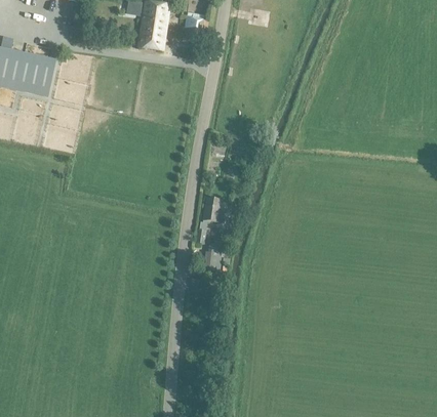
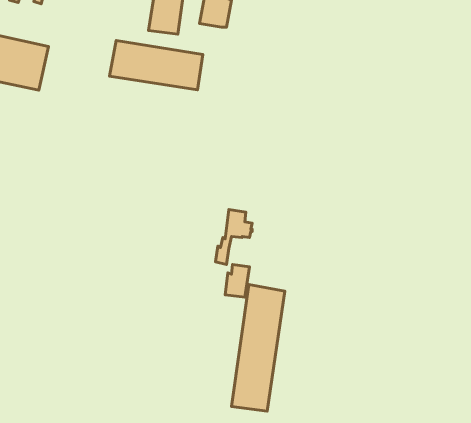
building: none -> [109,40,203,90]
building: none -> [231,284,285,411]

